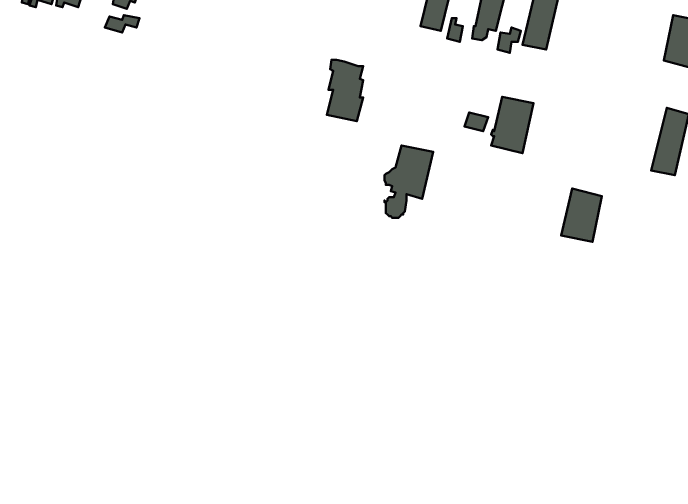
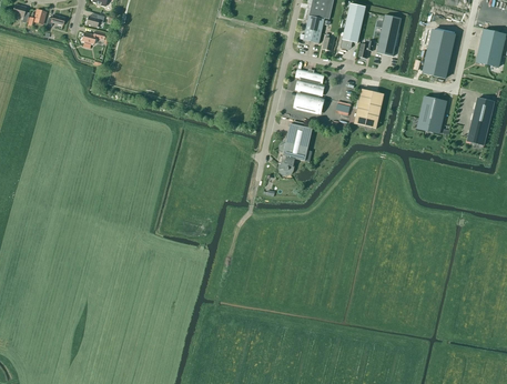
building: none -> [424,29,455,78]
building: [327,60,363,121] -> [295,70,321,113]
building: [561,188,602,242] -> [416,95,445,133]

